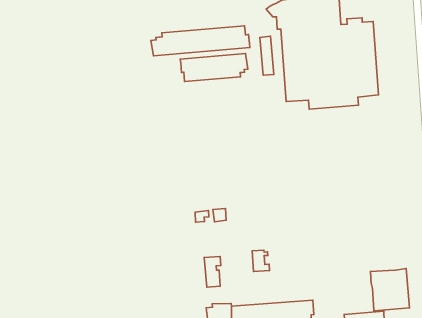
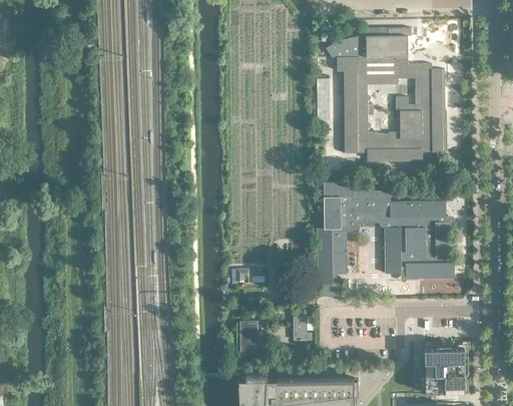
building: [151,26,250,56] -> none
building: [180,53,248,81] -> none
building: none -> [317,183,454,298]

